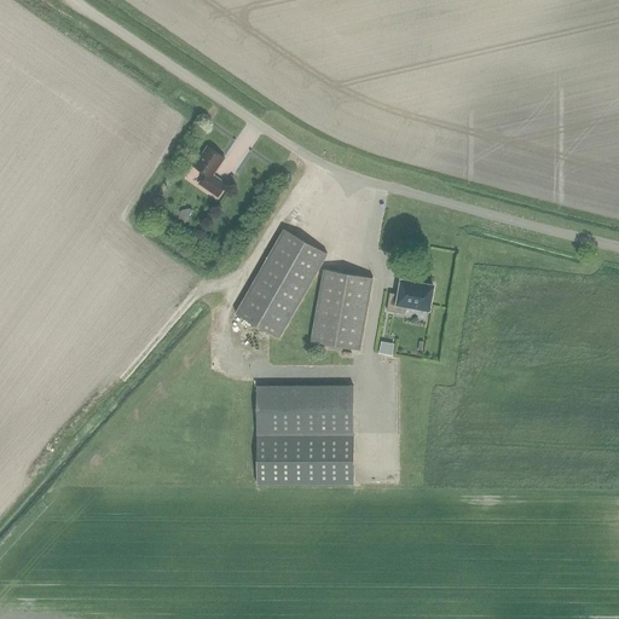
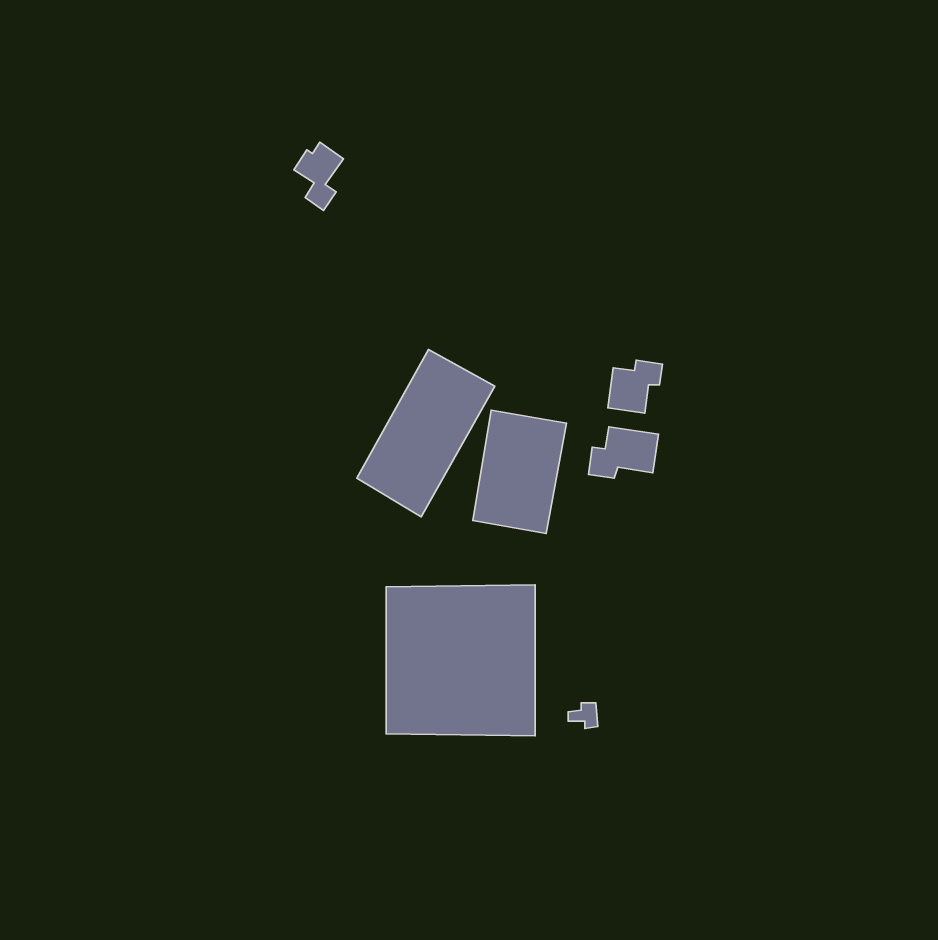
building: [190,147,222,192] -> [294,142,344,210]
building: none -> [608,360,662,413]

